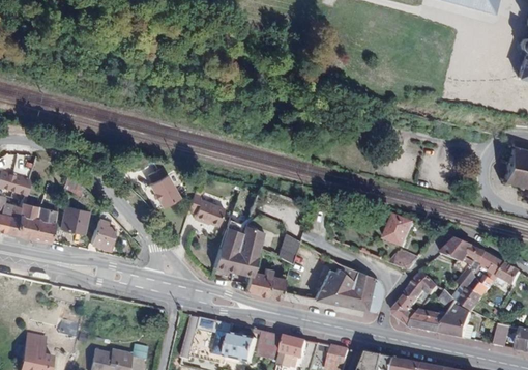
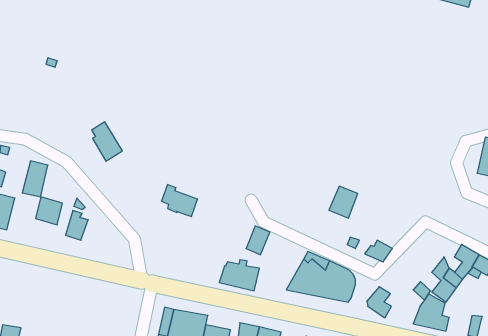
building: [147,166,178,205] -> [92,122,122,161]
building: [32,206,58,243] -> [22,161,48,197]
building: [385,214,414,246] -> [329,186,358,218]
building: [212,219,265,275] -> none
building: [443,238,489,266] -> none
building: [404,271,439,303] -> none
building: [412,309,447,333] -> none

